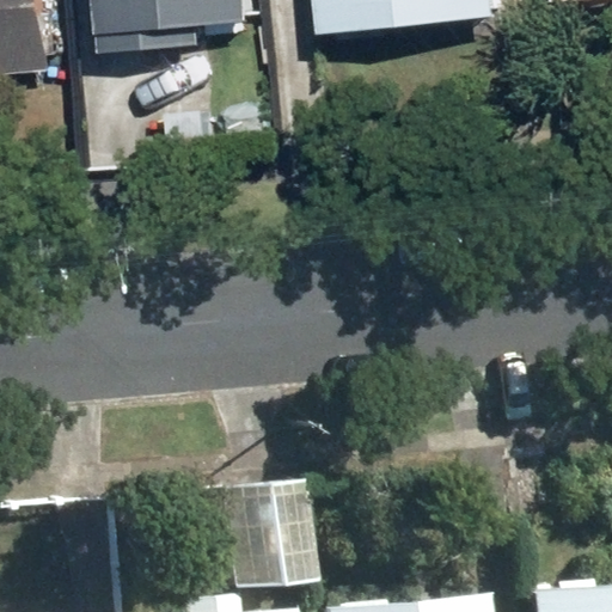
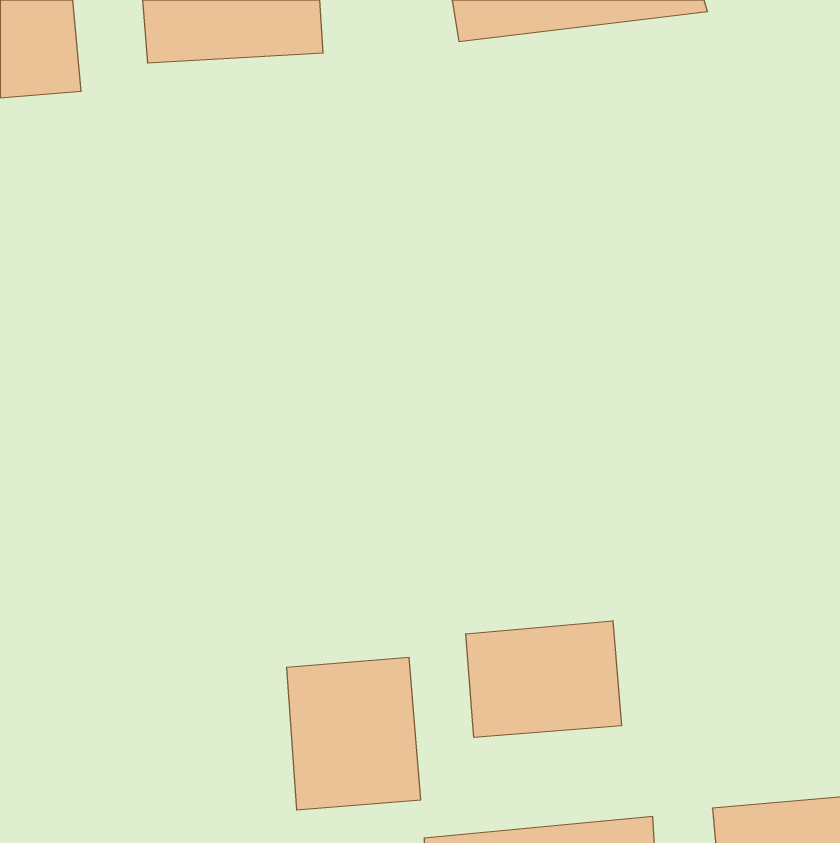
building: none -> [466,621,621,737]

